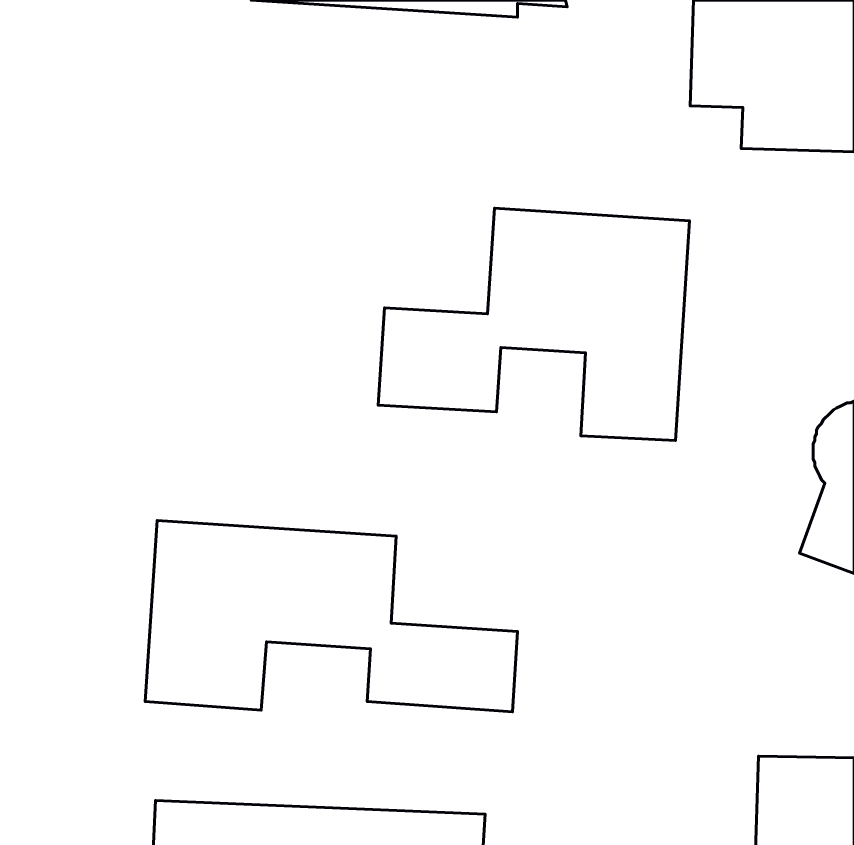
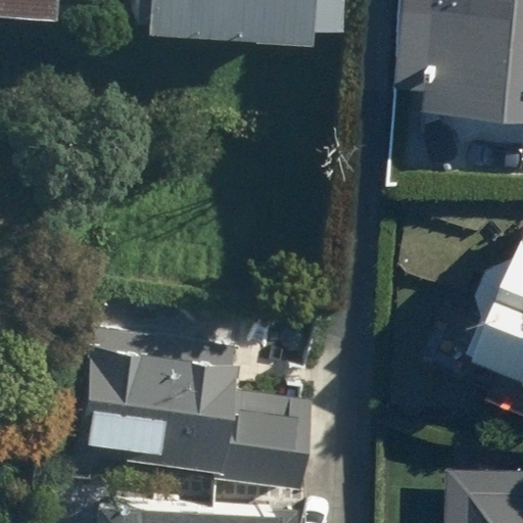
building: [378,208,690,441] -> none

